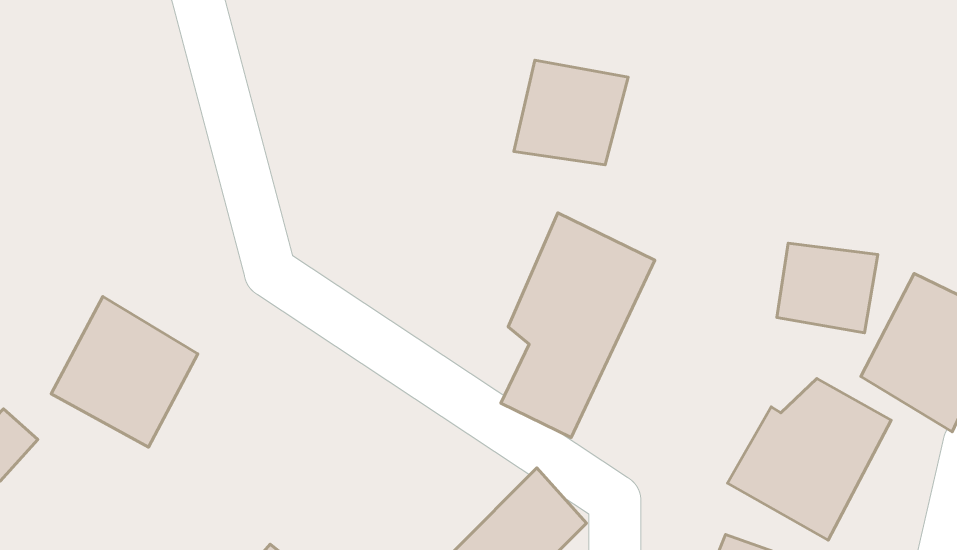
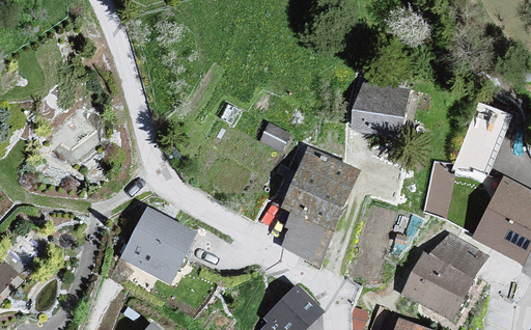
building: [514,60,628,165] -> [352,79,414,136]
building: [51,297,198,447] -> [119,204,199,286]

